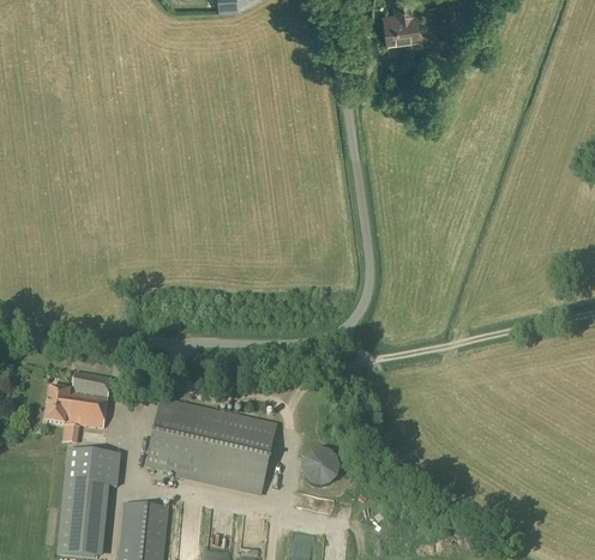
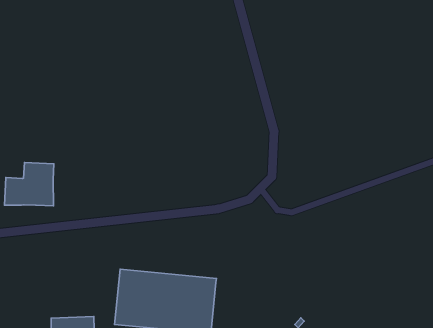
building: [44,371,112,428] -> [4,163,54,206]
building: [301,447,341,487] -> none

